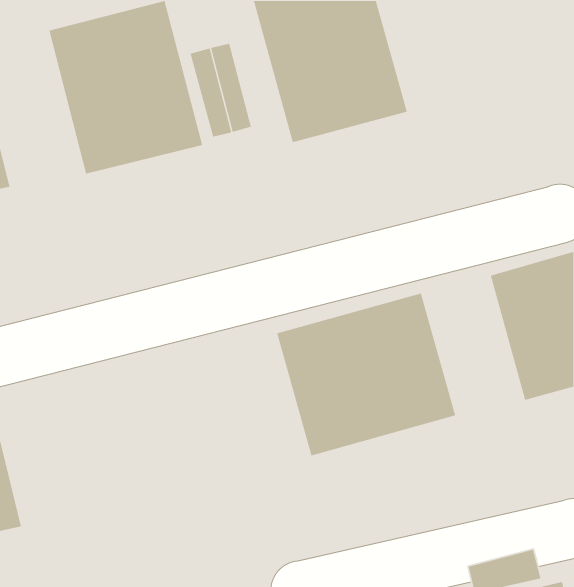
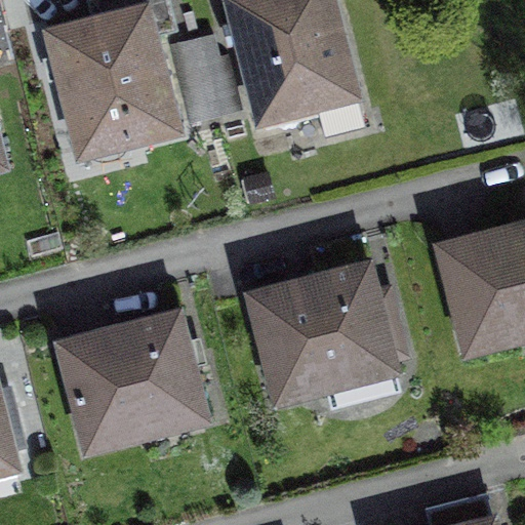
building: none -> [54,311,210,453]

